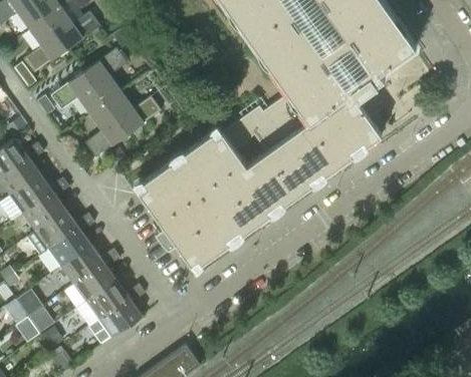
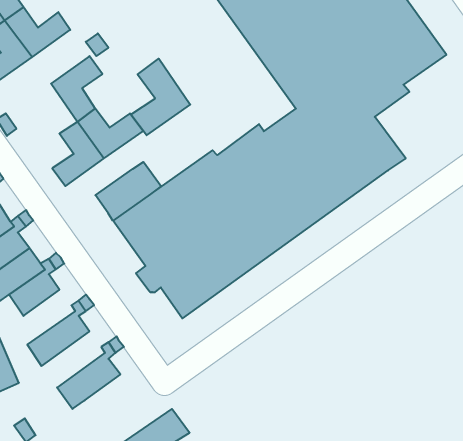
building: none -> [131,59,190,135]
building: [50,72,105,114] -> none
building: none -> [95,162,161,221]
building: [60,246,103,285] -> none
building: [75,281,129,328] -> none

